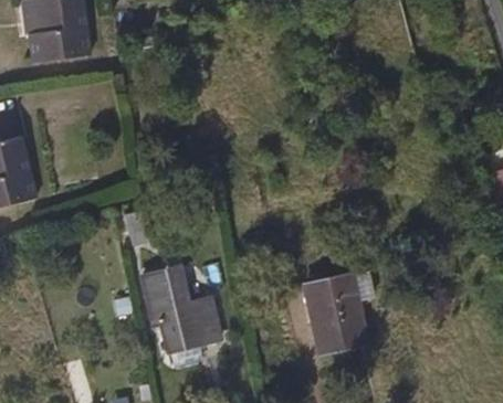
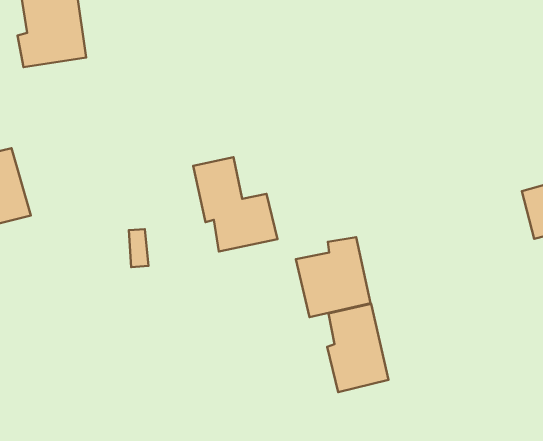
building: none -> [296,237,370,317]
building: [138,265,214,350] -> [193,157,278,252]

